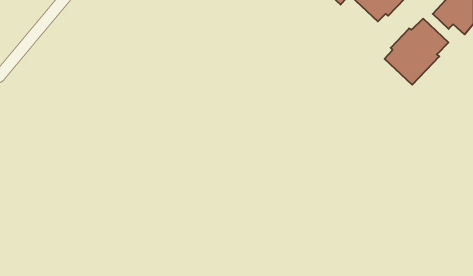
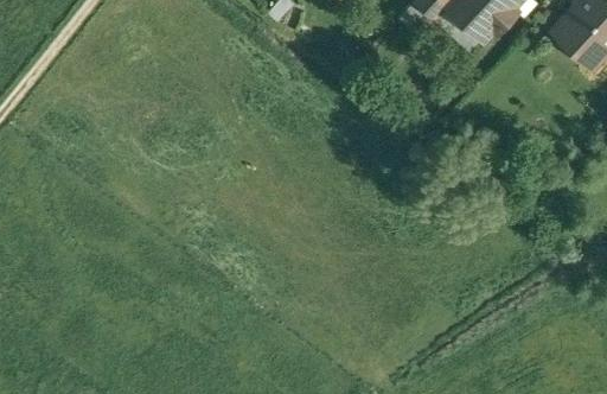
building: [385,19,448,85] -> none

